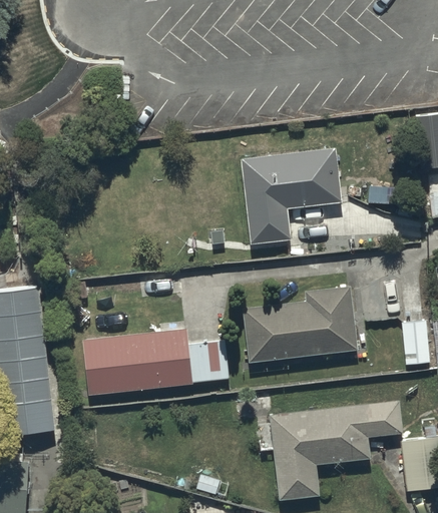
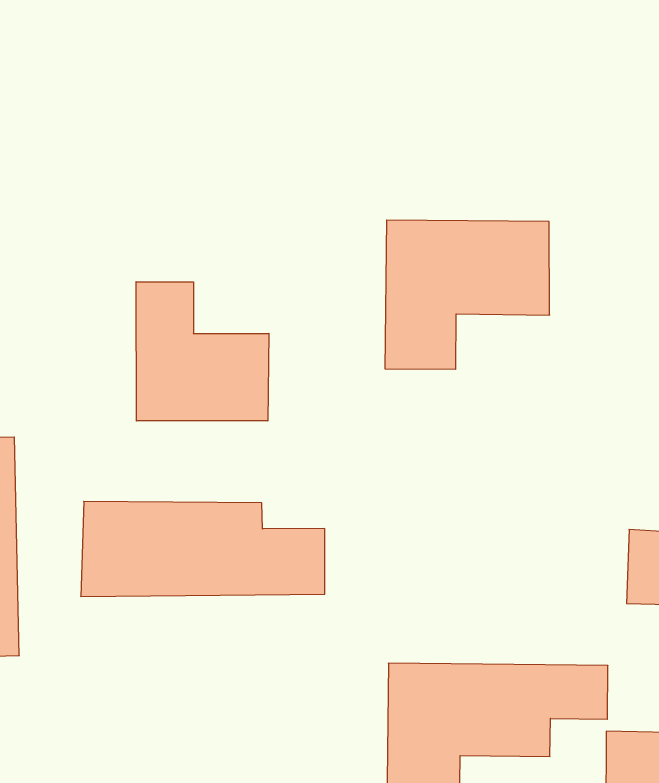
building: none -> [136,282,269,421]
building: [244,287,358,362] -> none

